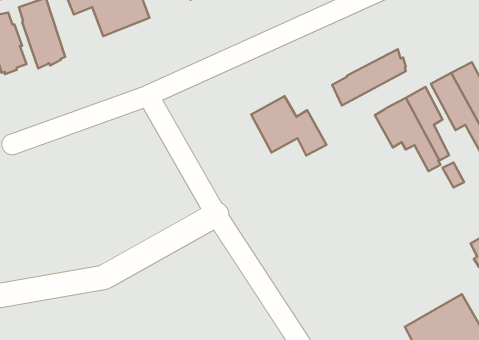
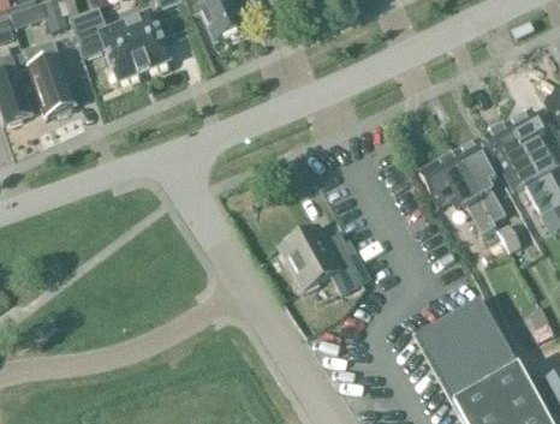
building: [332,49,406,106] -> none
building: [251,96,327,156] -> [280,226,364,292]
building: none -> [415,299,518,405]

